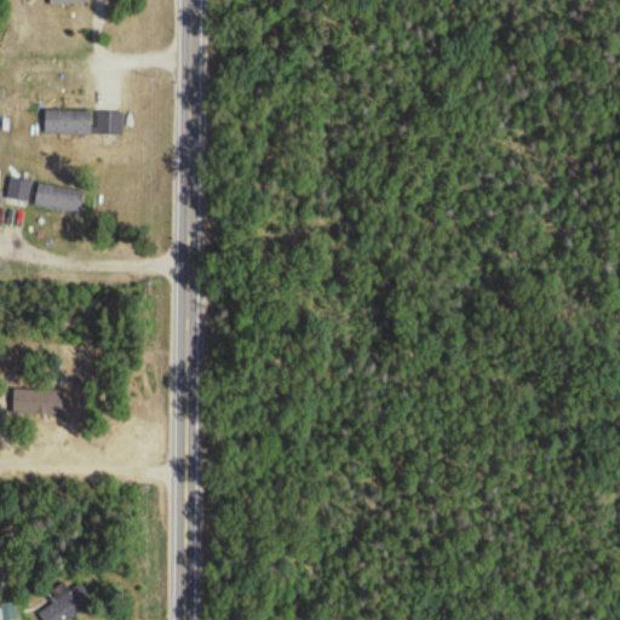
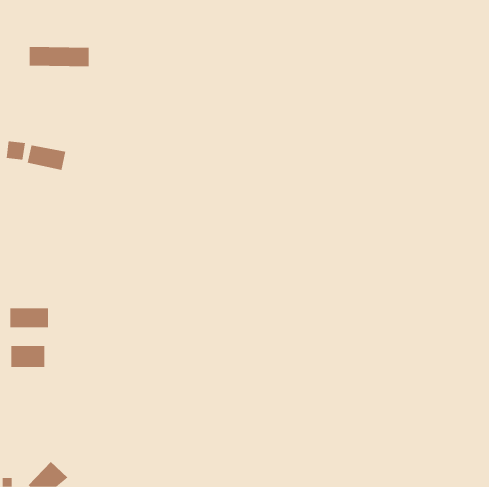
building: [45,109,121,134] -> [29,47,89,67]
building: none -> [11,345,45,368]

